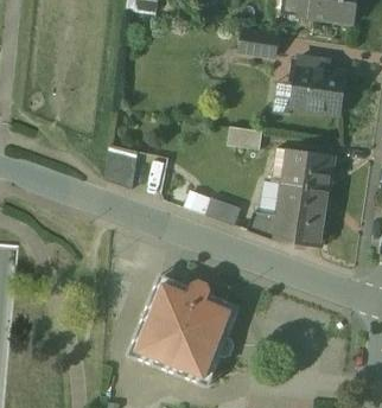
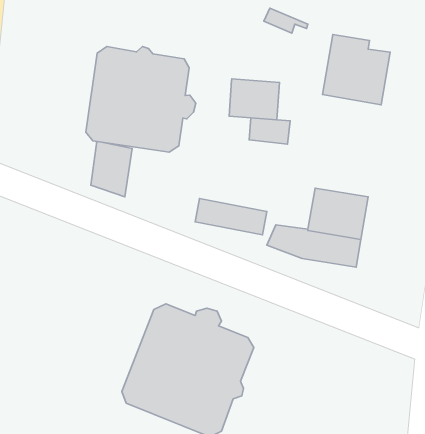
building: none -> [86,46,196,152]
building: none -> [229,79,279,120]
building: [285,151,332,190] -> none

